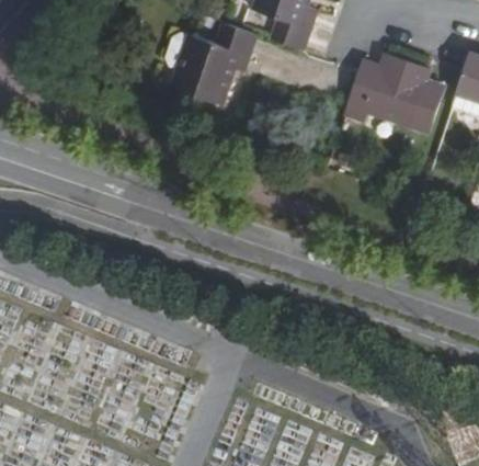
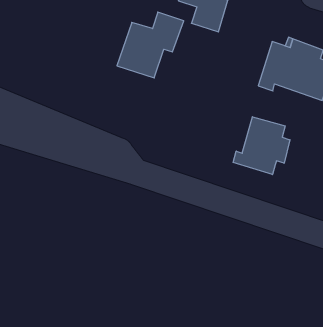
building: none -> [233,117,290,175]

